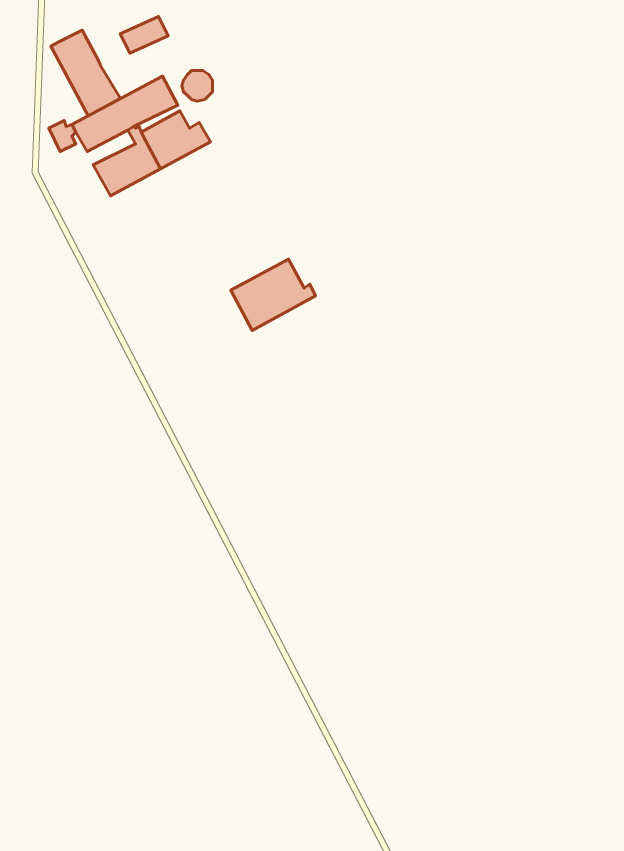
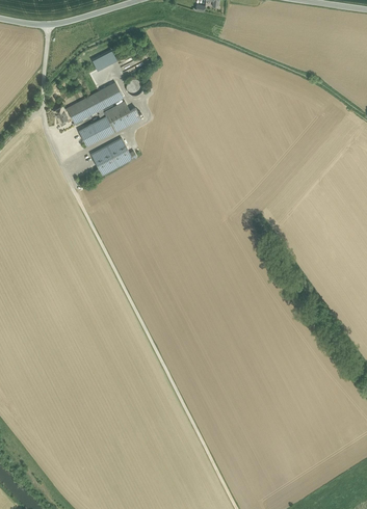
building: [51,30,121,116] -> none
building: [231,259,316,331] -> [90,137,136,176]

